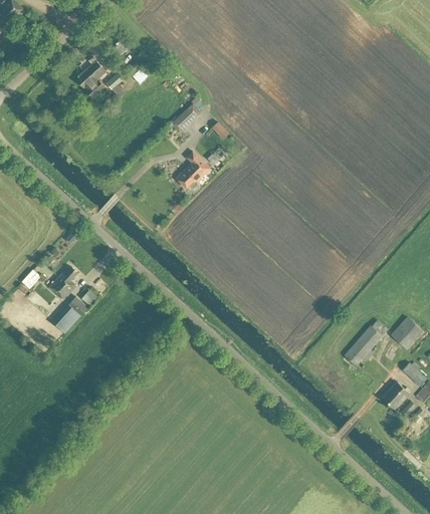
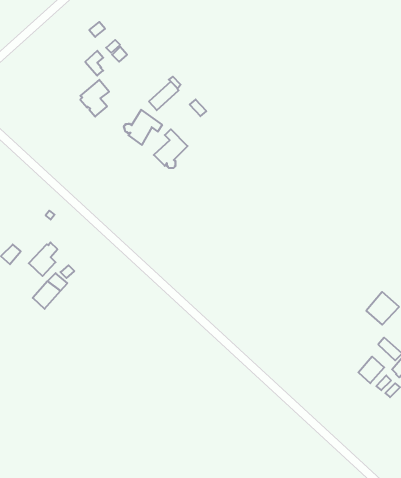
building: [76,60,105,97] -> [80,80,109,117]
building: none -> [124,110,162,145]
building: [344,319,388,365] -> none

